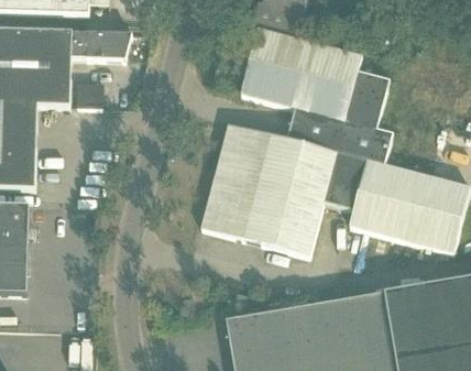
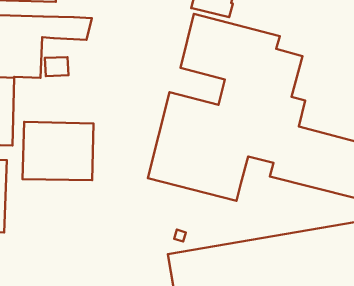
building: none -> [23,122,94,180]

